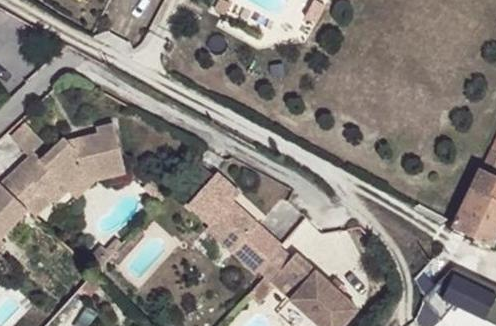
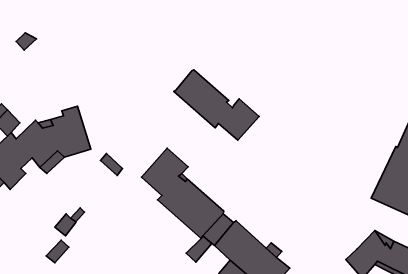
building: none -> [174,70,259,140]

